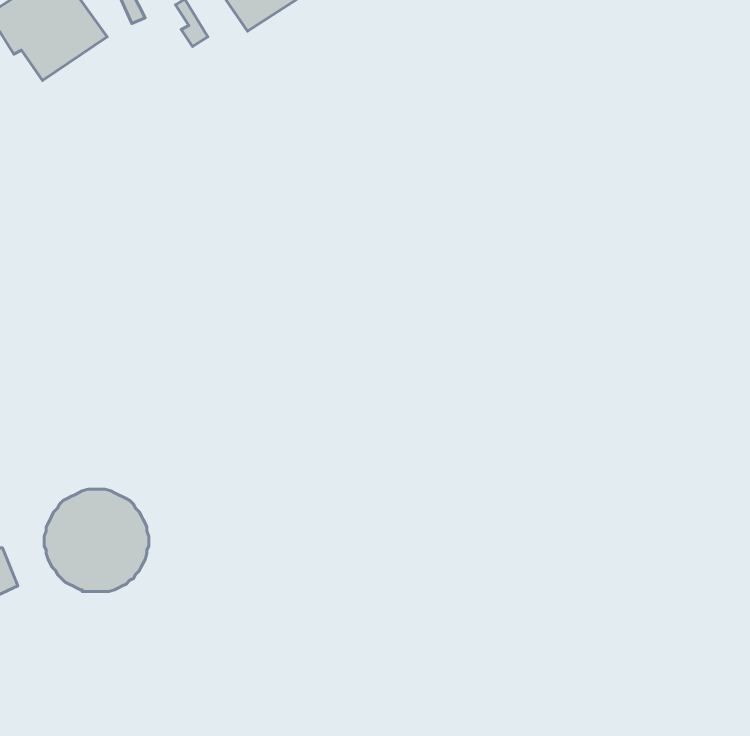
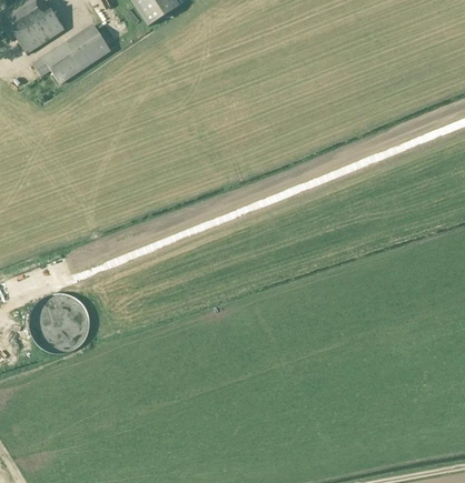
building: none -> [33,24,110,83]

